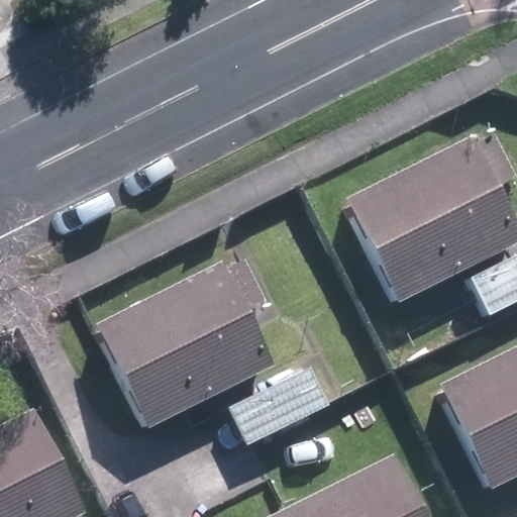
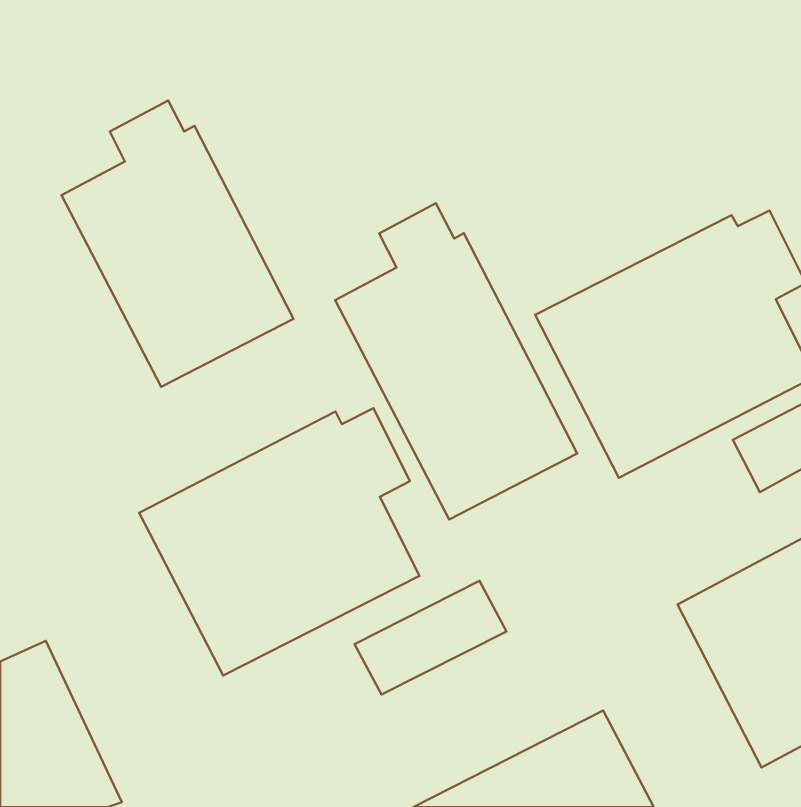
building: none -> [61,101,293,387]
building: none -> [335,203,577,520]

